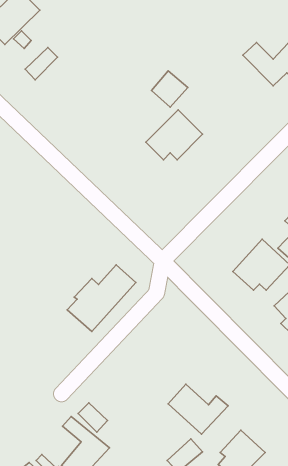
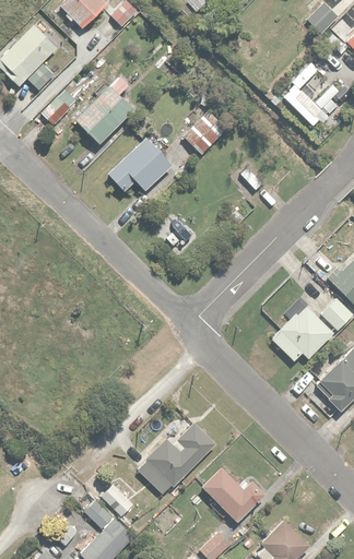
building: none -> [75,73,137,144]
building: [146,110,203,160] -> [107,135,170,191]
building: [67,265,136,331] -> [139,423,215,497]

